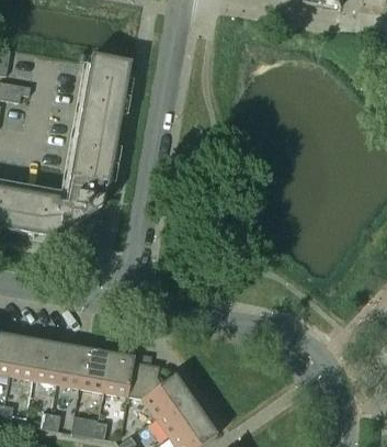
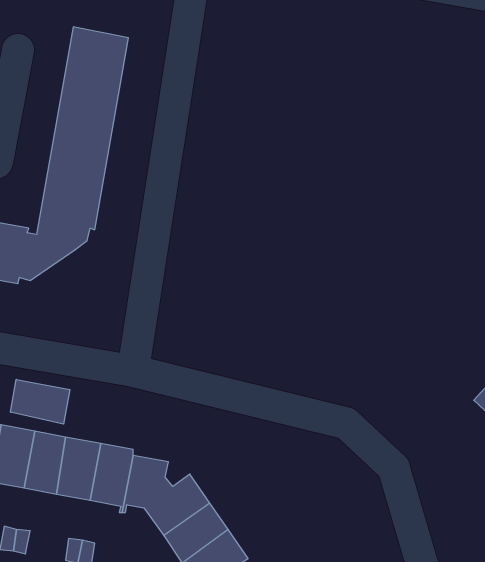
building: none -> [10,379,70,424]

